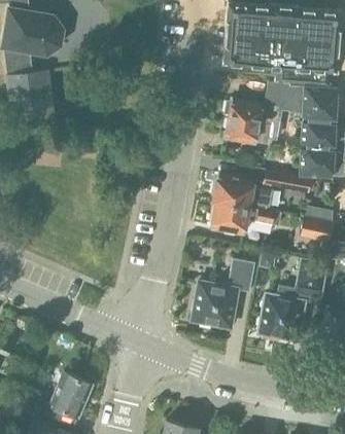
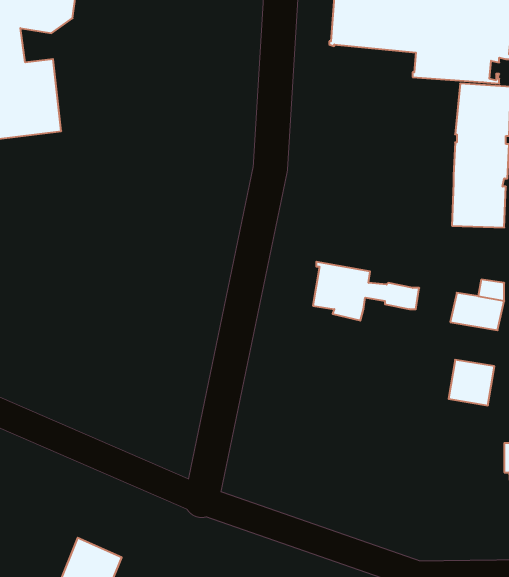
building: [223,81,284,143] -> none
building: [214,170,315,208] -> none
building: [192,258,255,327] -> none
building: [260,286,306,339] -> none

